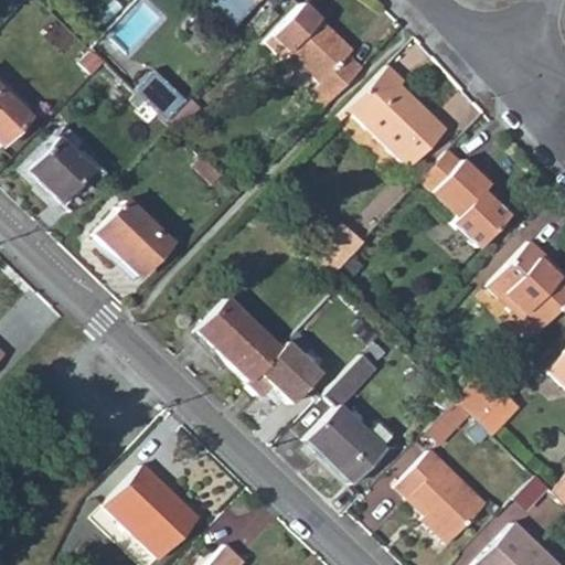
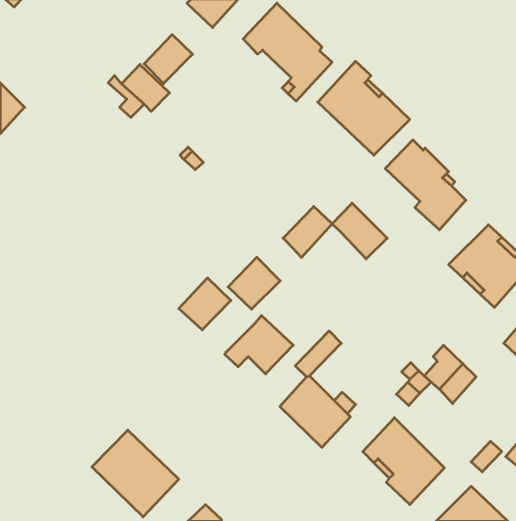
building: none -> [144,35,193,84]
building: [28,126,103,211] -> none
building: [98,201,173,276] -> none
building: none -> [332,203,387,259]
building: [225,324,281,381] -> [228,257,280,309]

